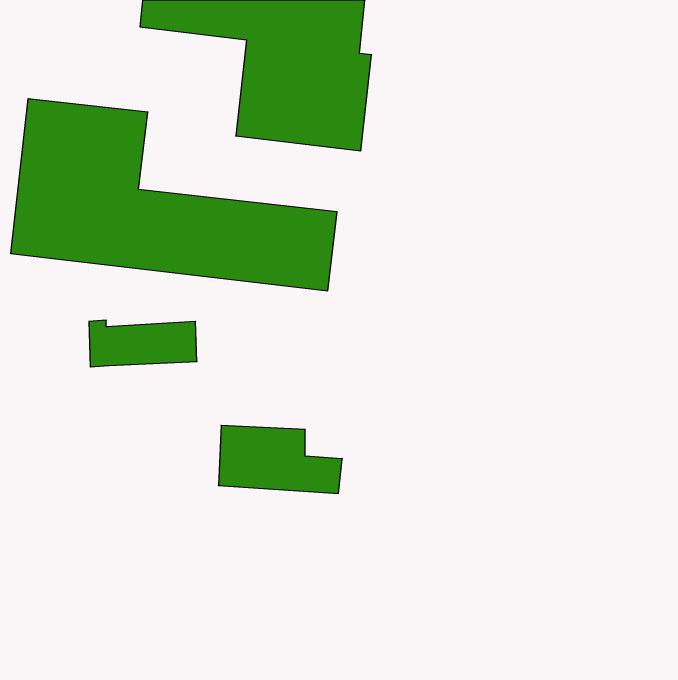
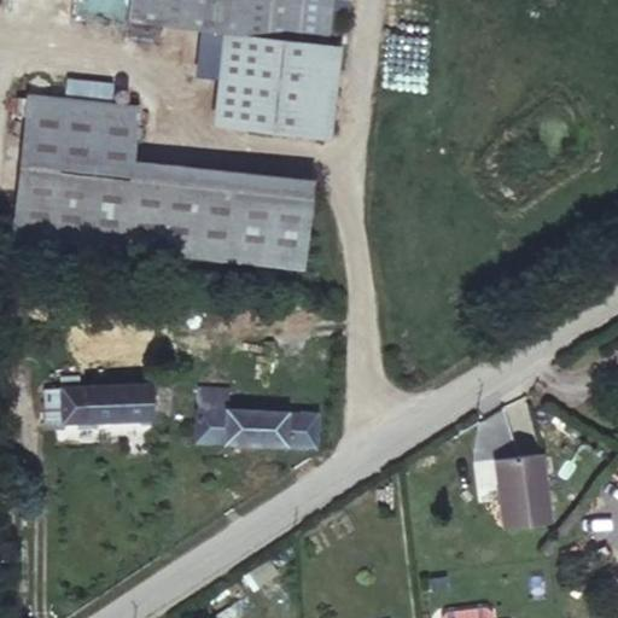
building: [89,320,197,367] -> [54,383,152,425]
building: none -> [501,453,556,526]

